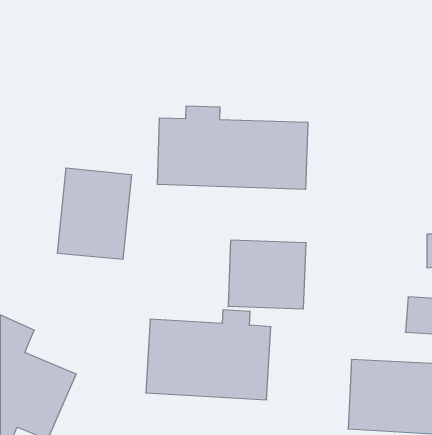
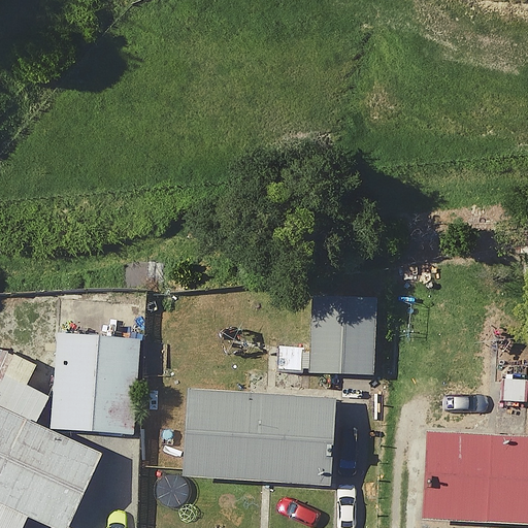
building: [157,106,308,189] -> none
building: [57,168,132,259] -> [52,326,141,435]

